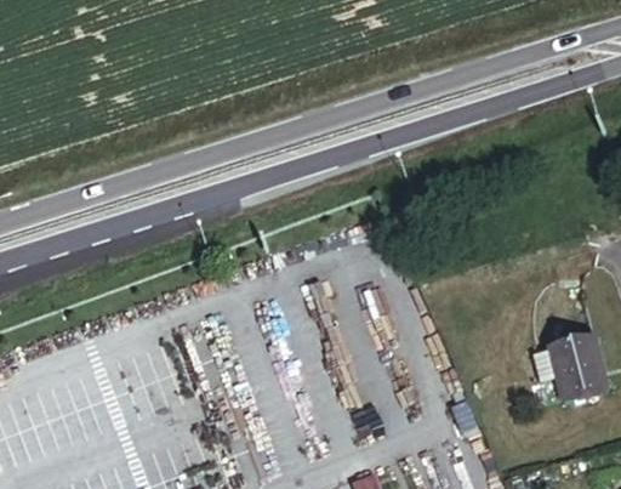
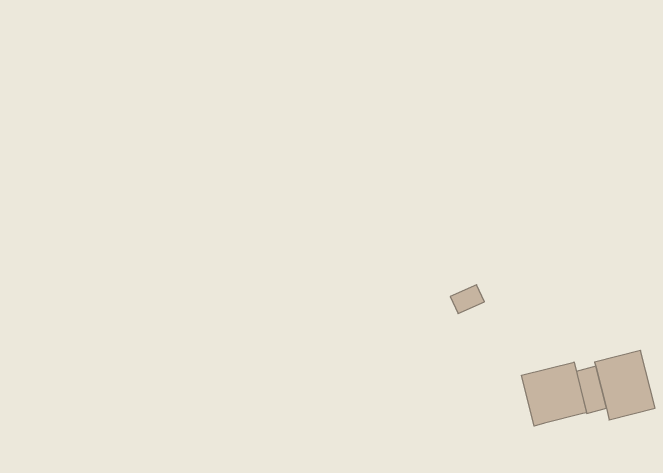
building: none -> [522,362,586,426]

